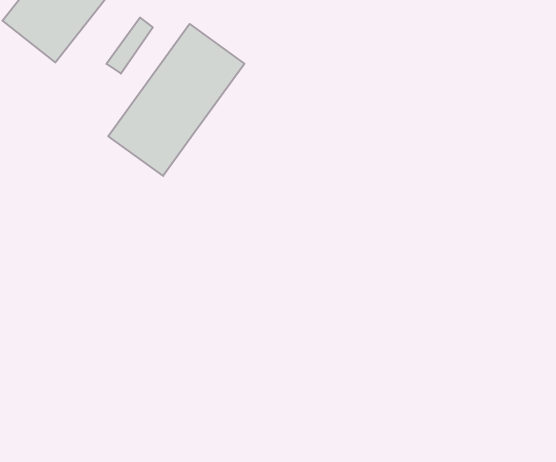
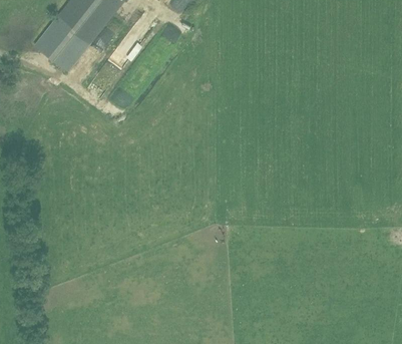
building: [108,24,244,176] -> none

